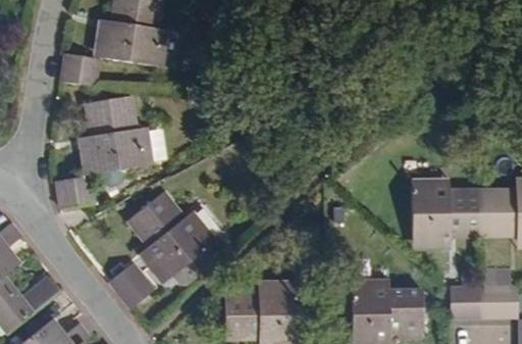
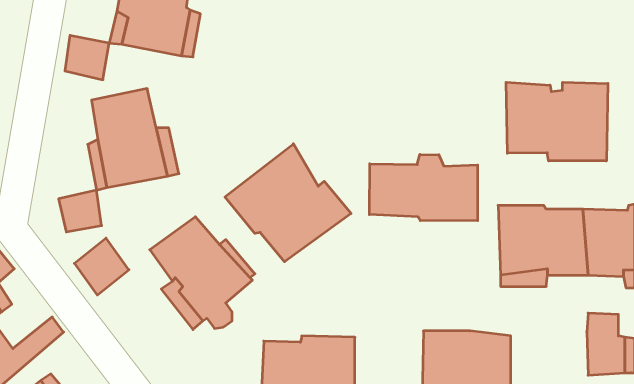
building: none -> [506,82,608,161]
building: none -> [225,144,351,262]
building: none -> [369,154,478,221]
building: [112,263,156,309] -> [74,238,129,295]
building: [449,286,483,321] -> none

